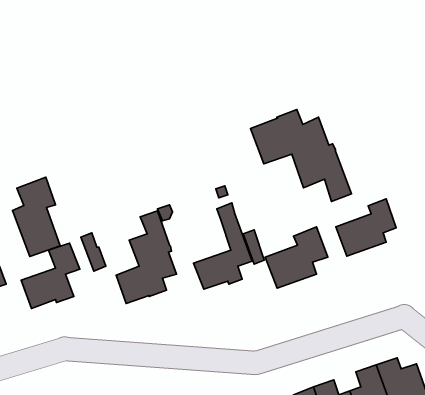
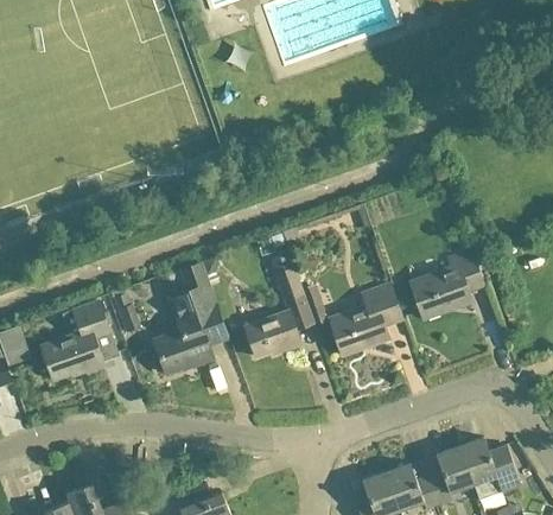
building: [251,109,352,201] -> none
building: [13,177,60,257] -> none

